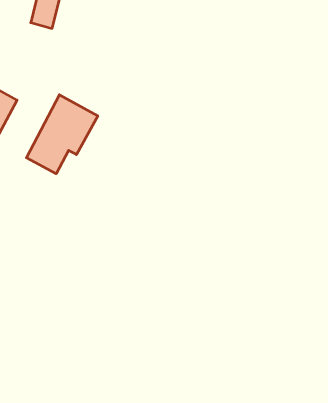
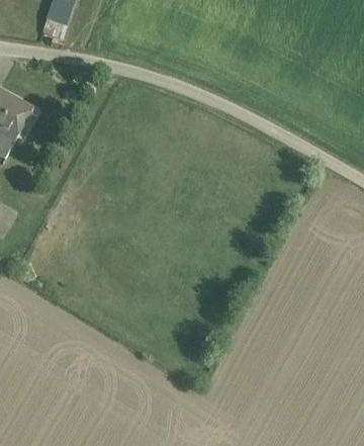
building: [26,95,98,174] -> none

